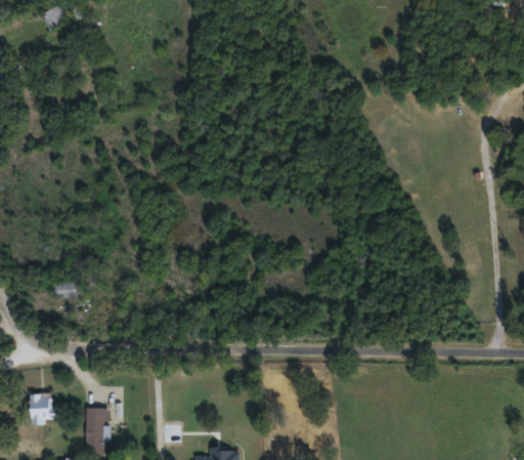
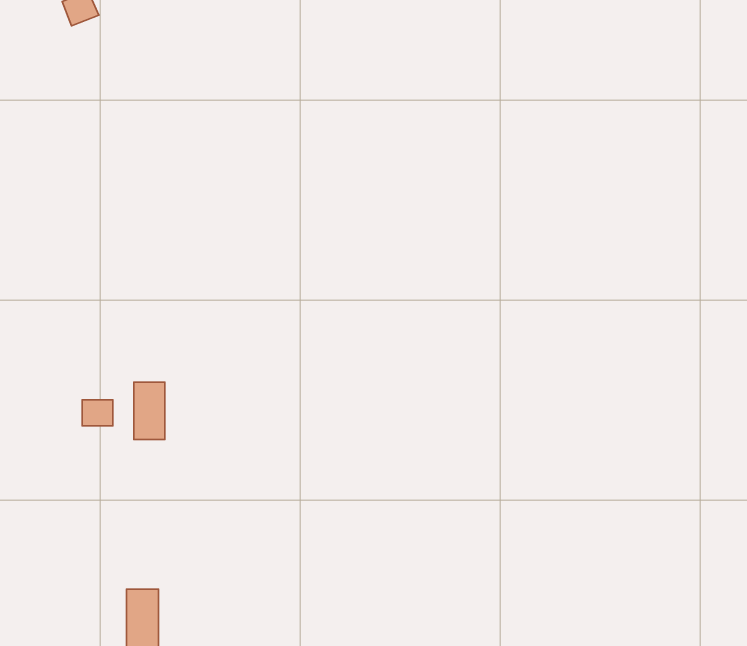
building: none -> [134,382,165,439]
building: [31,393,51,423] -> none

